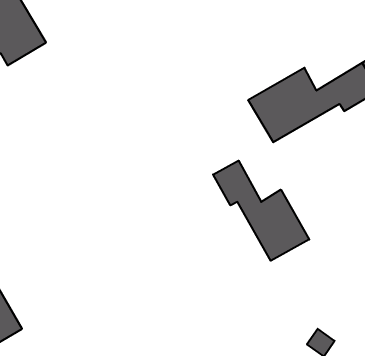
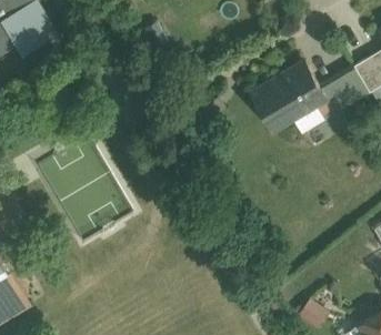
building: [213,161,309,261] -> none

